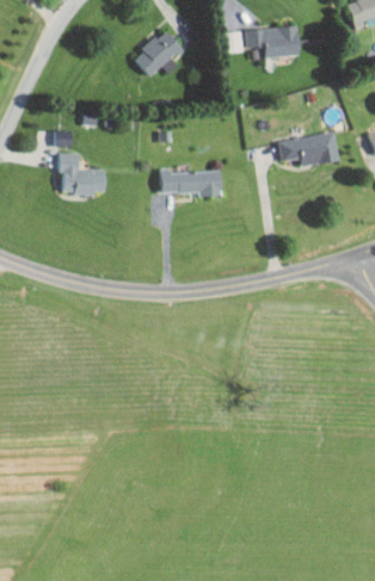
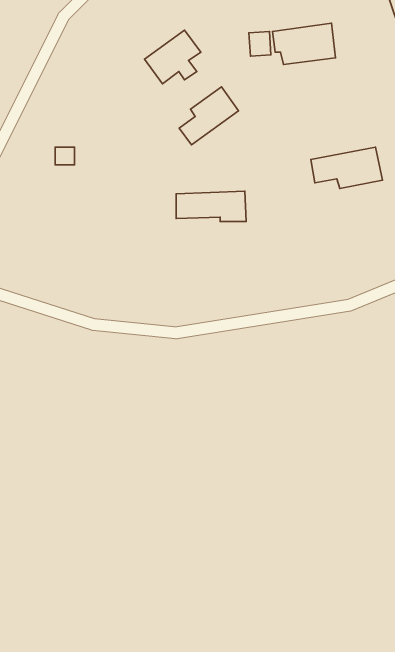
building: none -> [179,87,238,145]
building: [59,152,105,193] -> none

